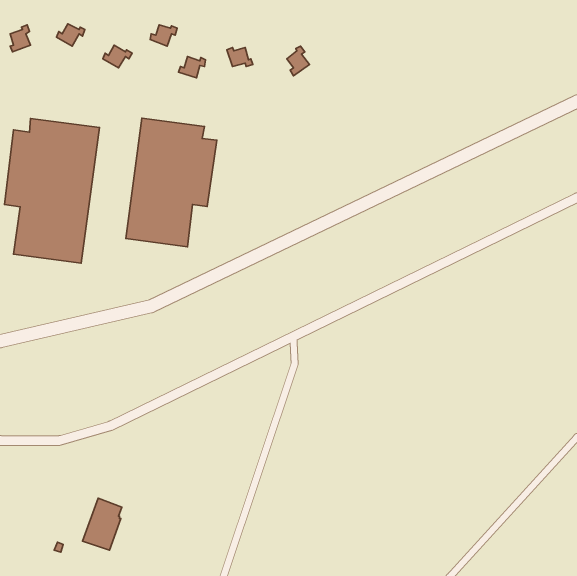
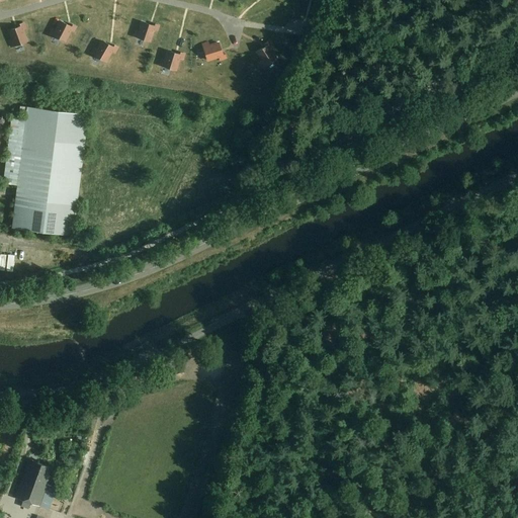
building: [126,118,217,247] -> none
building: [82,498,122,550] -> [15,460,51,507]

